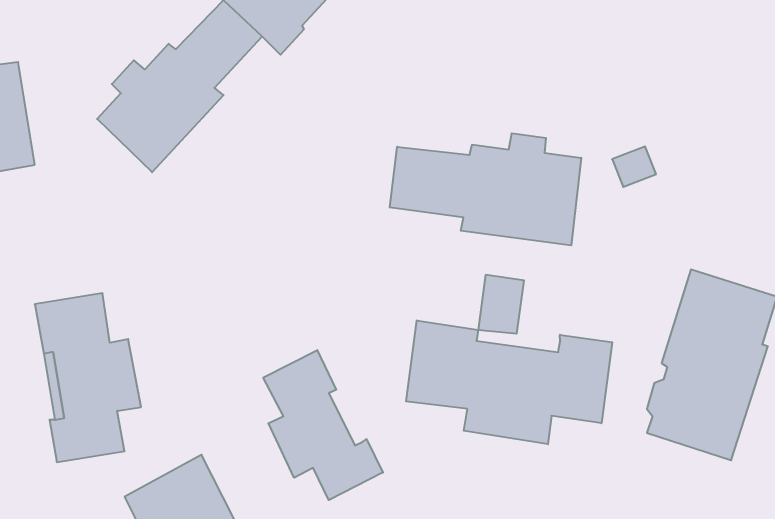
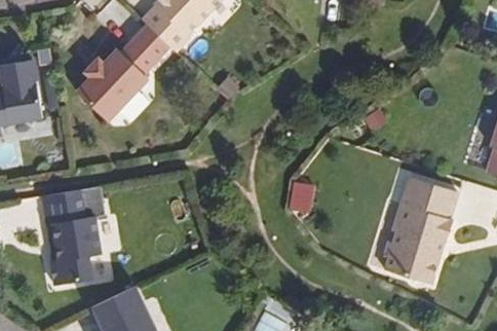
building: [390,133,581,245] -> none
building: [406,320,612,444] -> none
building: [263,350,383,500] -> none

